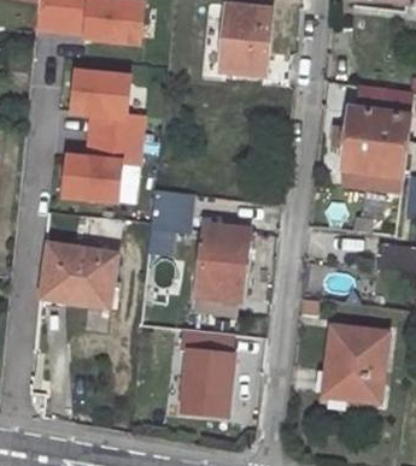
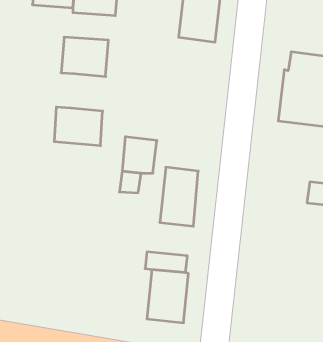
building: [88,113,146,160] -> none
building: [41,247,115,308] -> none
building: [324,326,388,401] -> none

